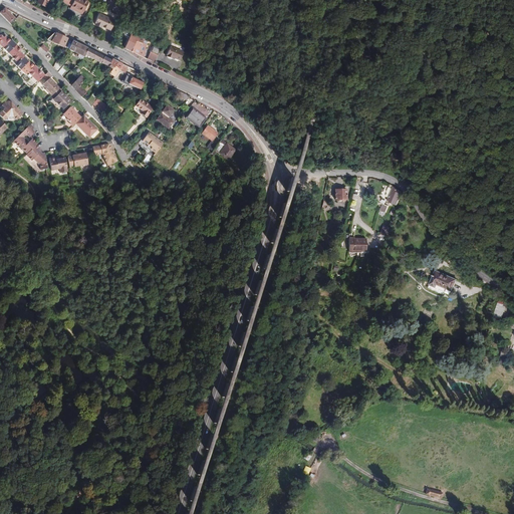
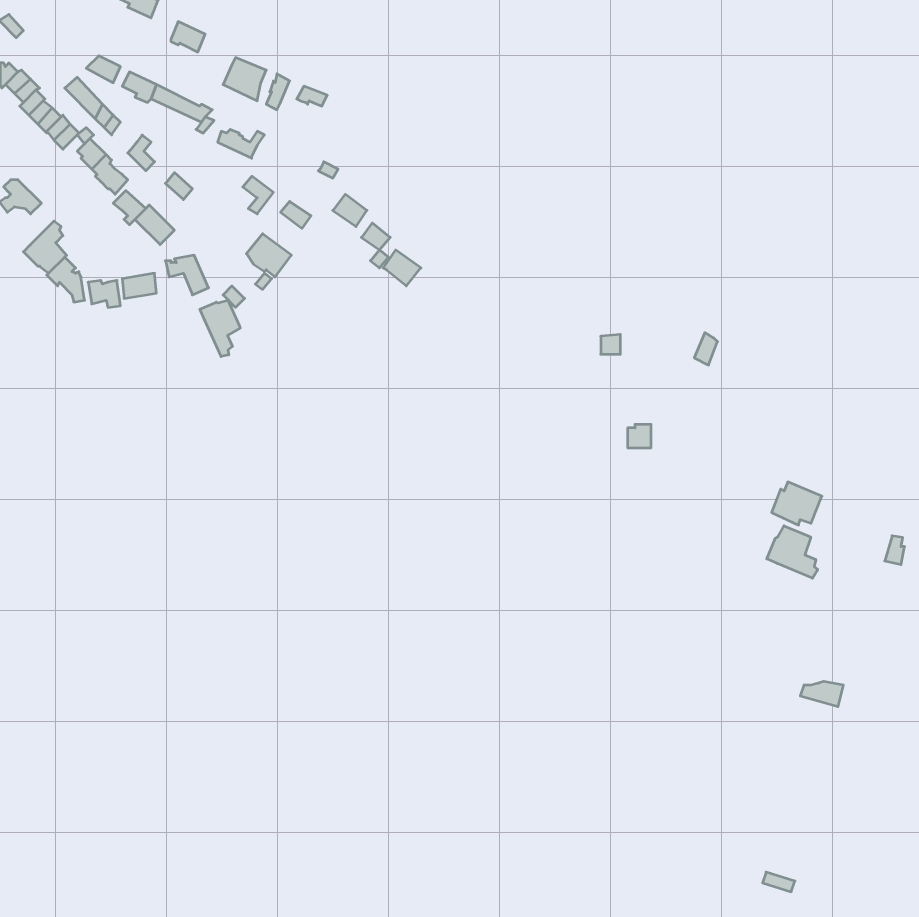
building: none -> [200,300,240,357]
building: none -> [767,526,818,578]

